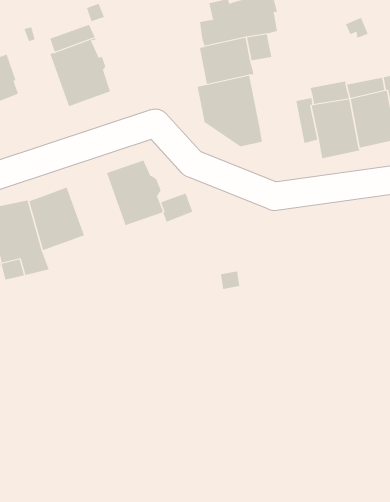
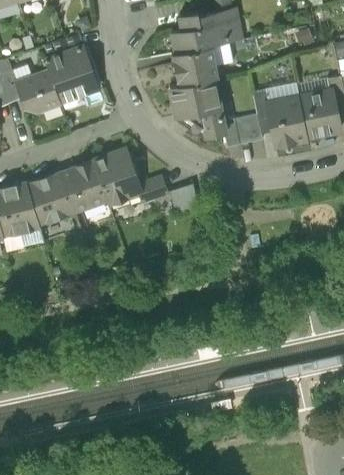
building: none -> [15,70,61,113]
building: none -> [224,115,262,147]
building: none -> [60,160,108,213]
building: none -> [167,184,199,215]

